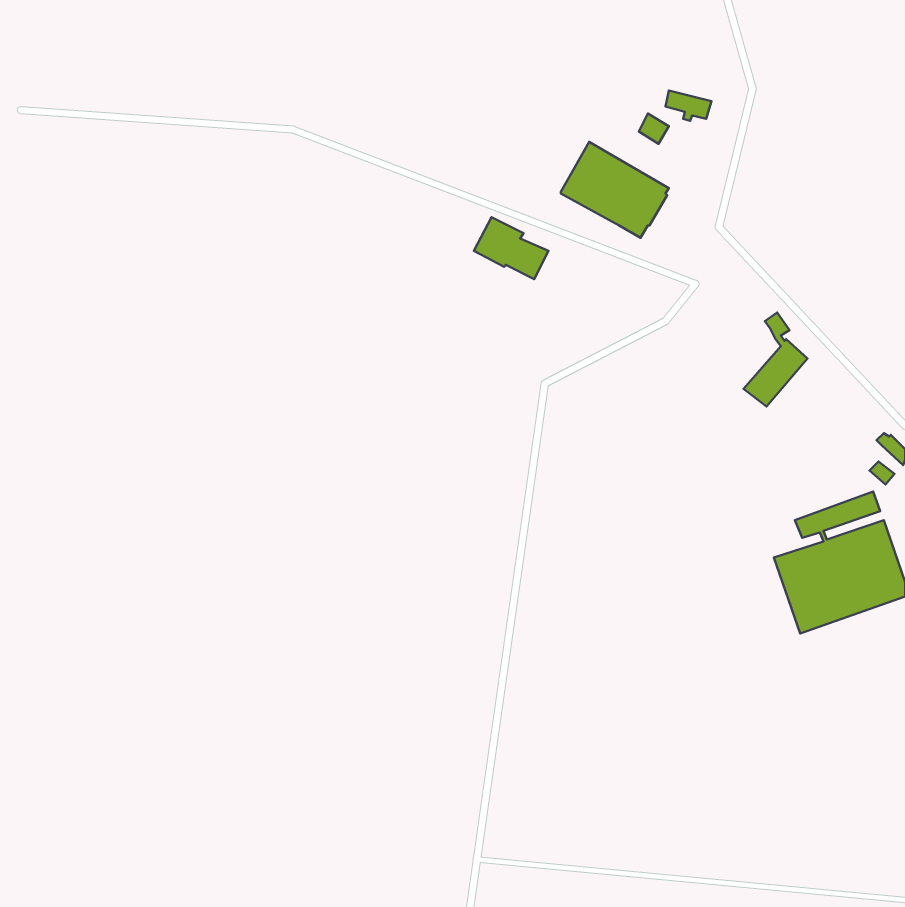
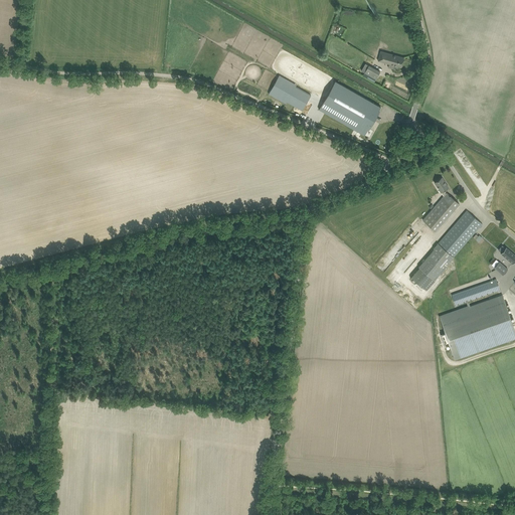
building: [474,217,548,279] -> [268,74,310,110]
building: none -> [410,210,481,291]

